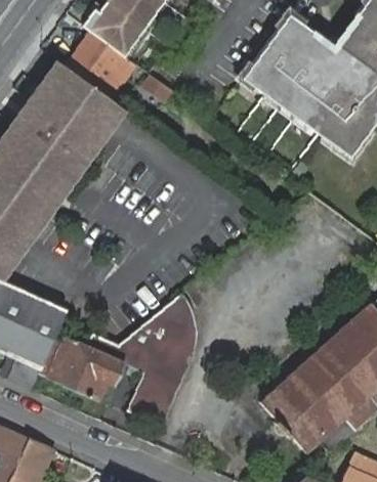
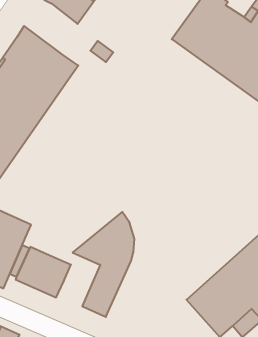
building: [66,32,130,96] -> none
building: [85,333,153,412] -> none

